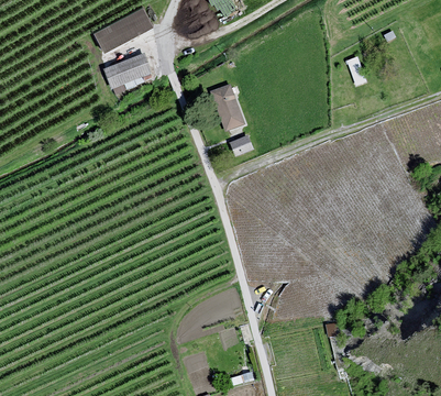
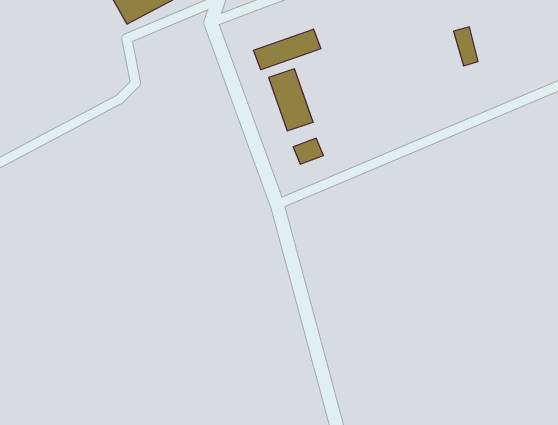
building: [104,55,153,91] -> none
building: none -> [253,29,321,70]

